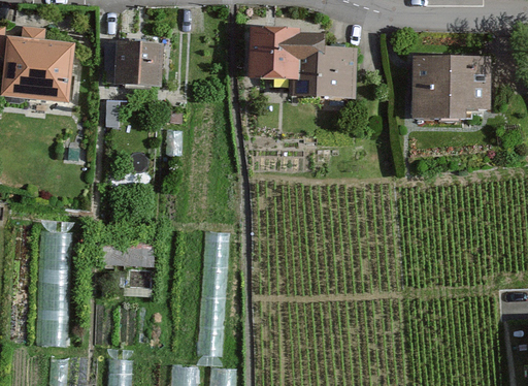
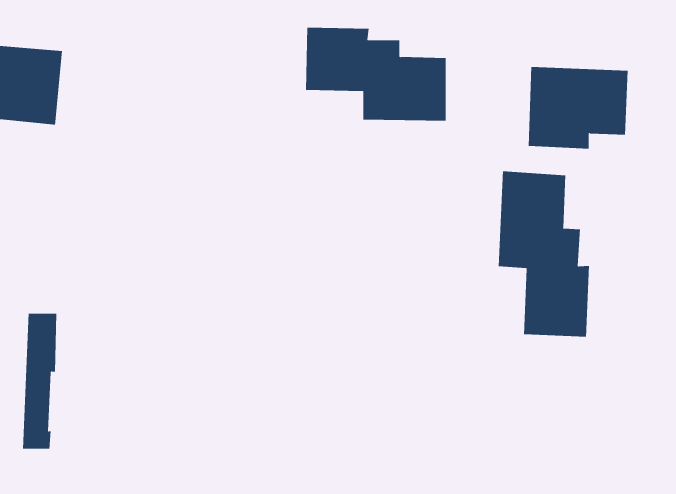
building: [116,41,161,81] -> none
building: none -> [498,170,590,338]

